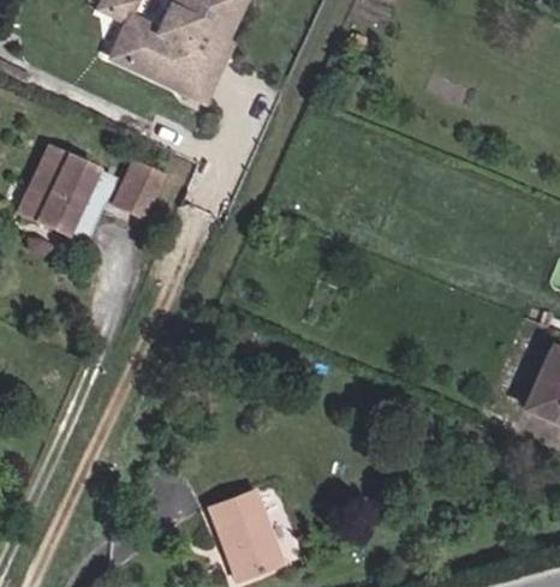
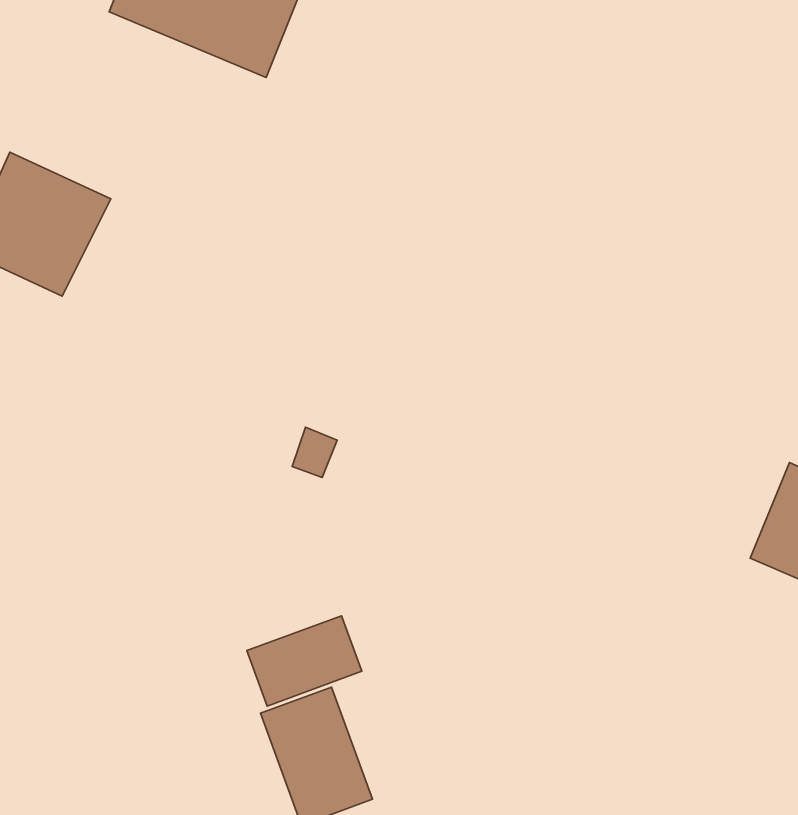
building: [113,161,161,216] -> none
building: none -> [247,616,362,706]

